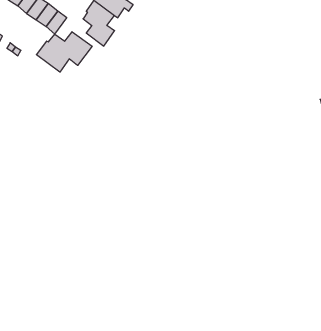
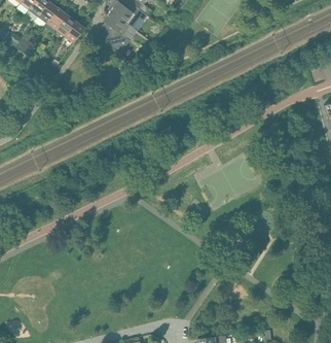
building: [36,32,92,72] -> none

